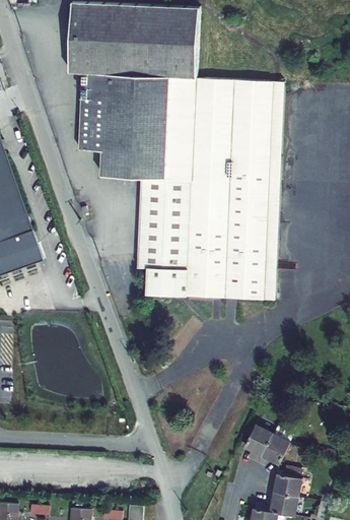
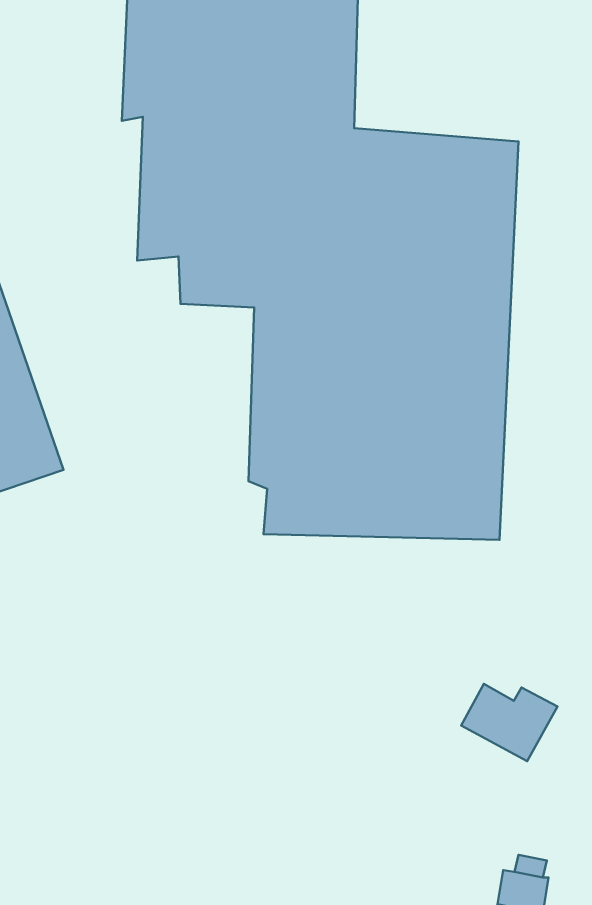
building: [240,420,292,462] -> [461,684,557,761]

